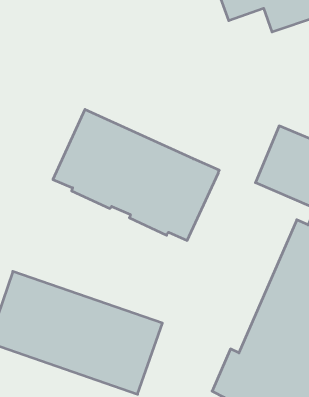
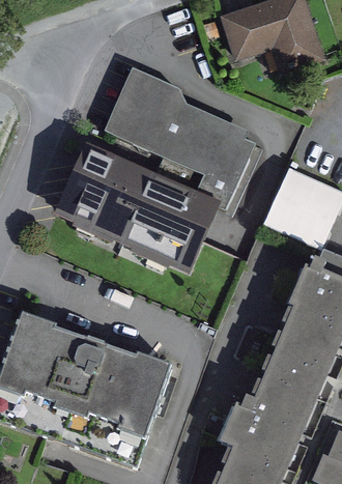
building: none -> [110,73,262,216]

